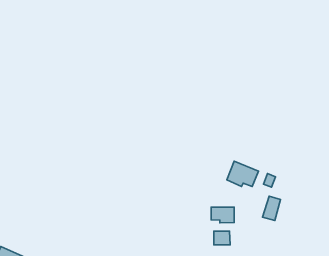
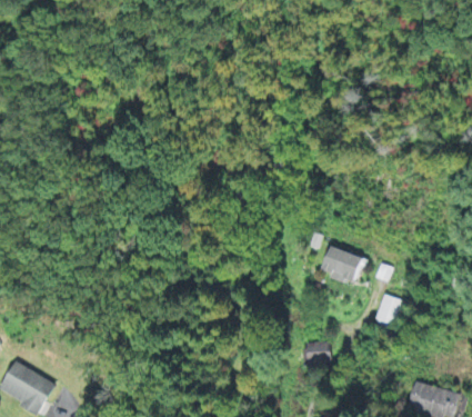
building: [211,207,234,223] -> none

